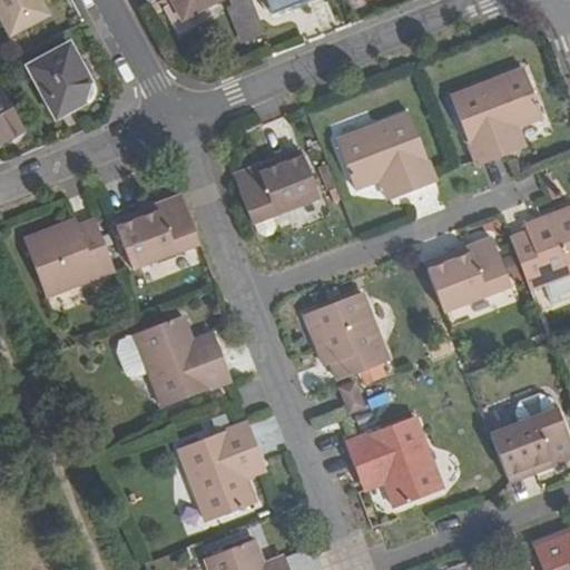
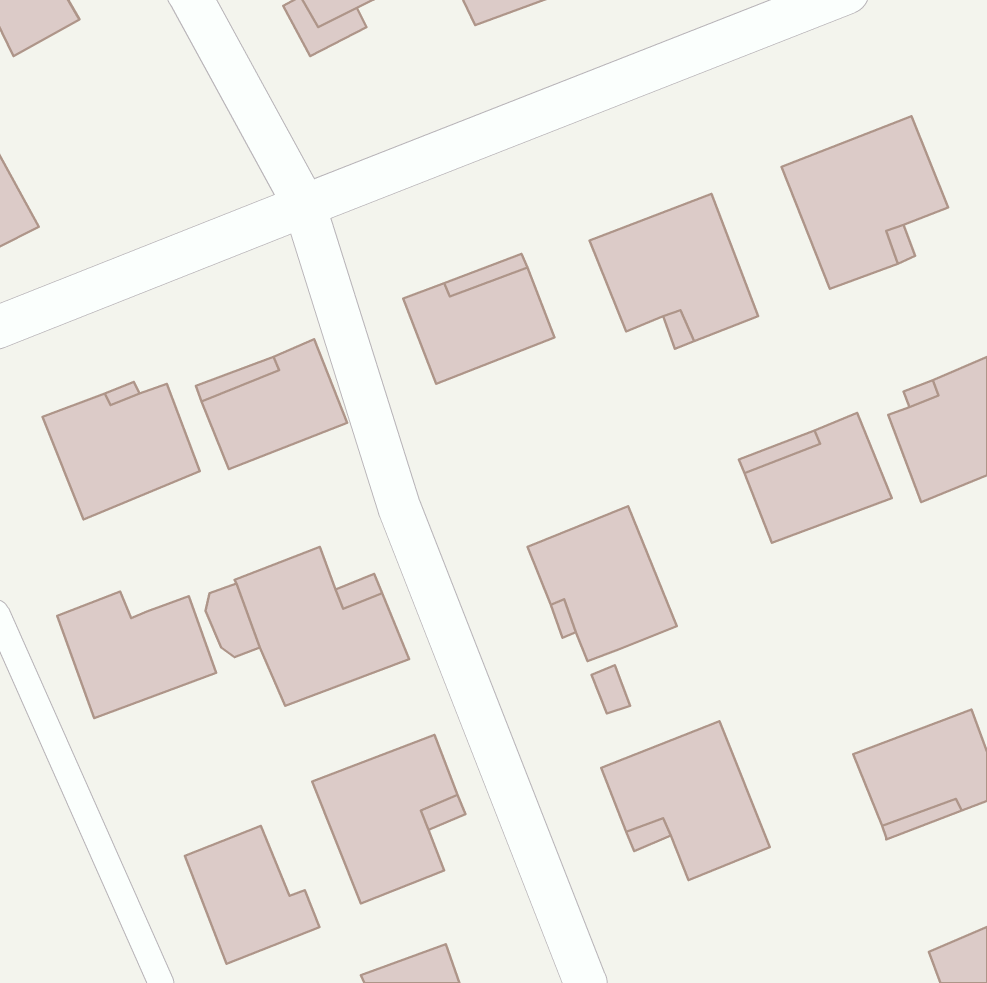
building: [28,43,96,117] -> none
building: none -> [57,592,216,718]
building: none -> [185,826,320,964]

